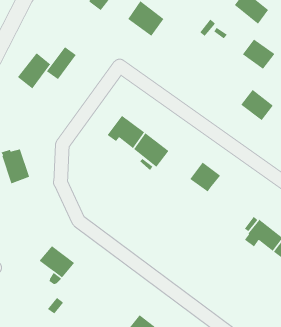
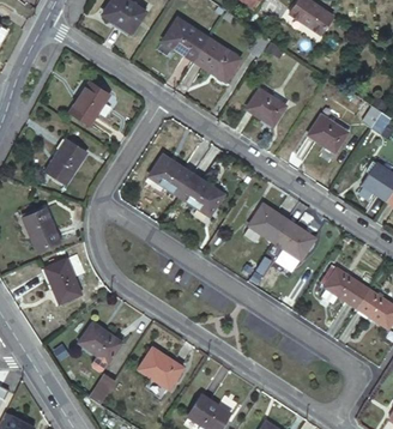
building: none -> [193,36,240,79]
building: [242,38,275,70] -> [244,87,285,125]
building: [17,52,51,89] -> [44,137,85,182]
building: none -> [276,220,318,272]
building: none -> [43,256,80,302]
building: none -> [139,349,183,389]

